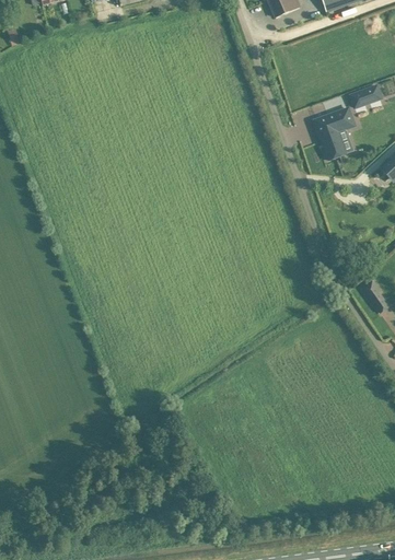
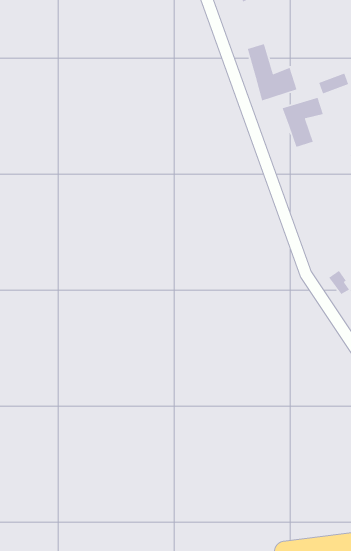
building: none -> [247,43,297,101]

